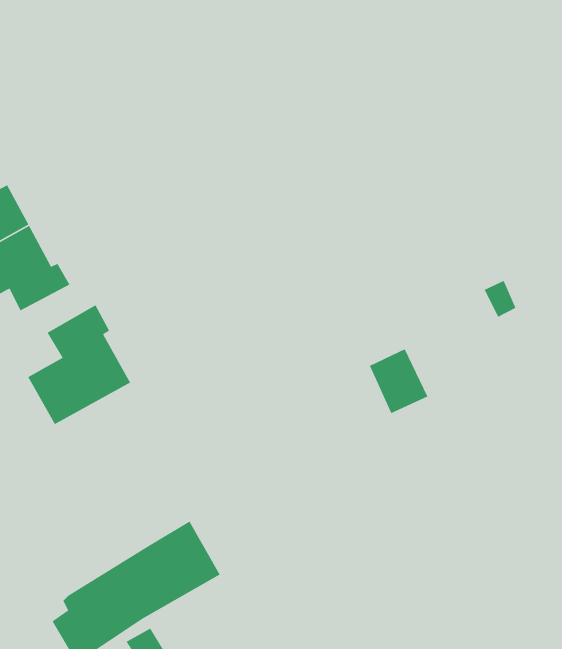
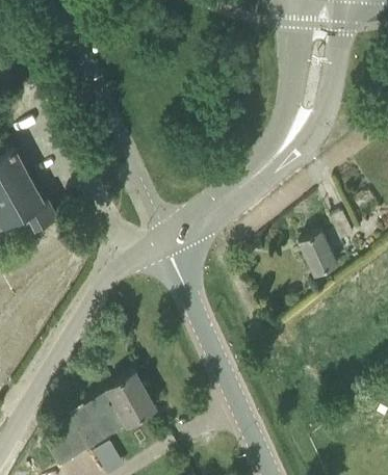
building: [27,304,131,425] -> none
building: [369,348,429,414] -> [299,234,338,278]

